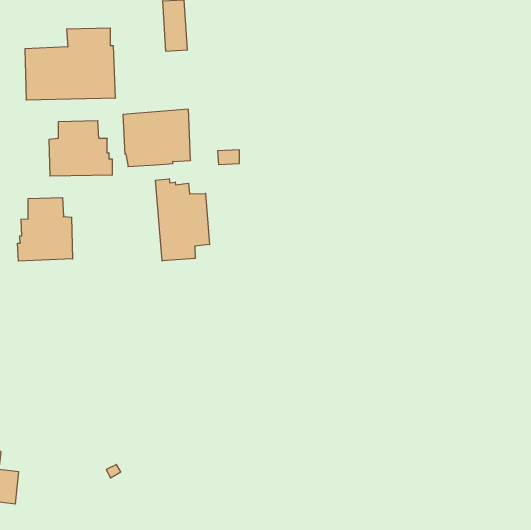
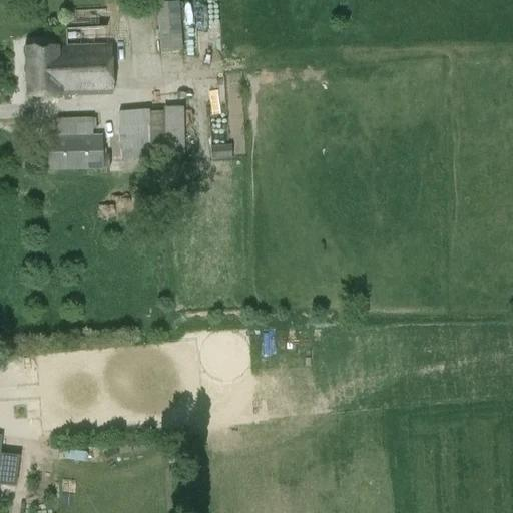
building: [155,179,210,261] -> none
building: [18,198,73,261] -> none

